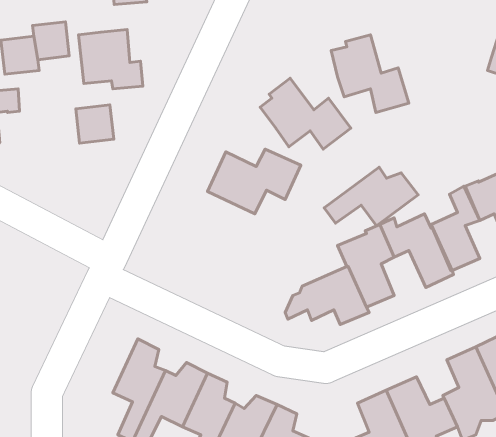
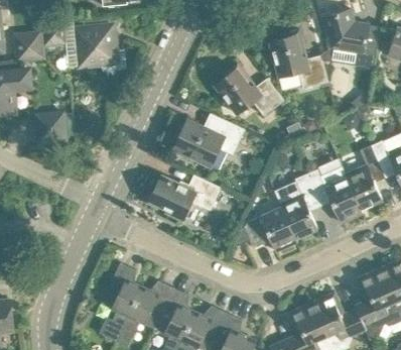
building: none -> [321,9,380,69]
building: [76,105,114,143] -> [35,113,64,142]
building: [324,167,418,226] -> none
building: none -> [144,174,221,220]

